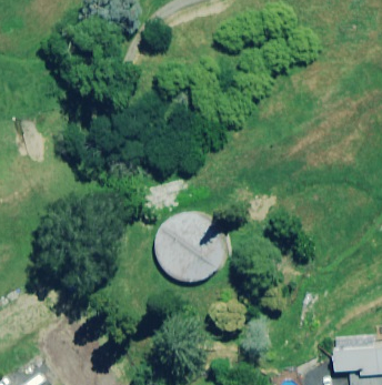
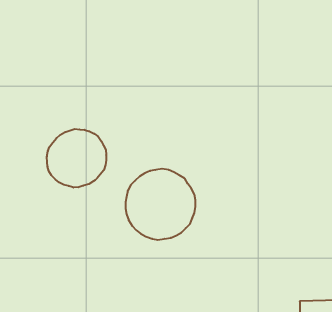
building: none -> [47,129,106,188]

